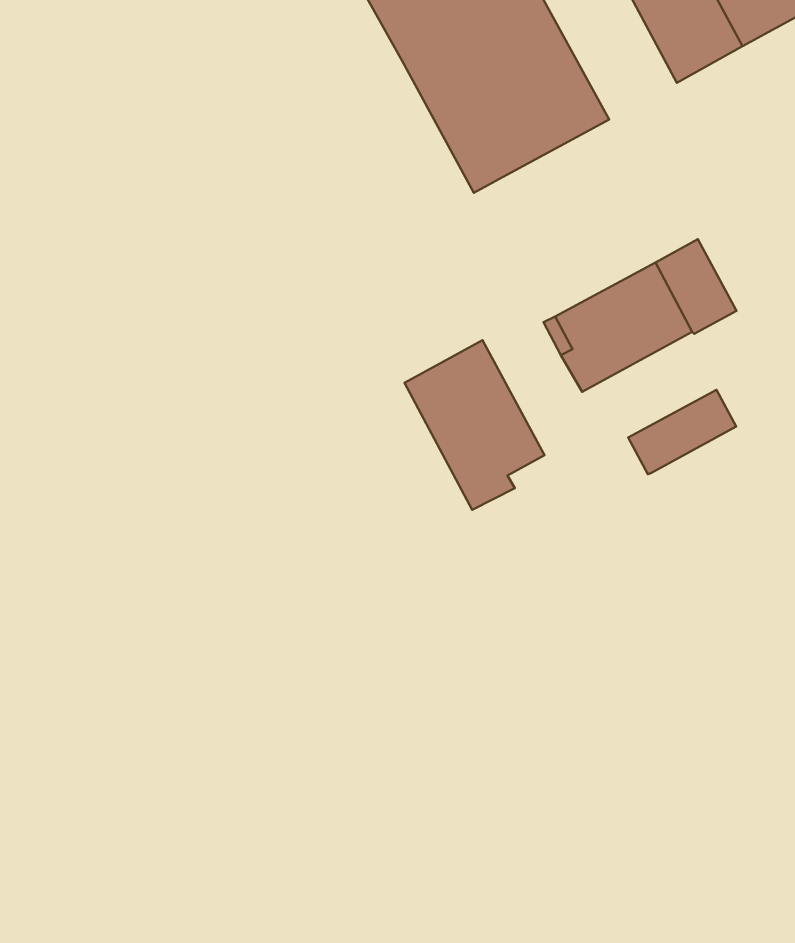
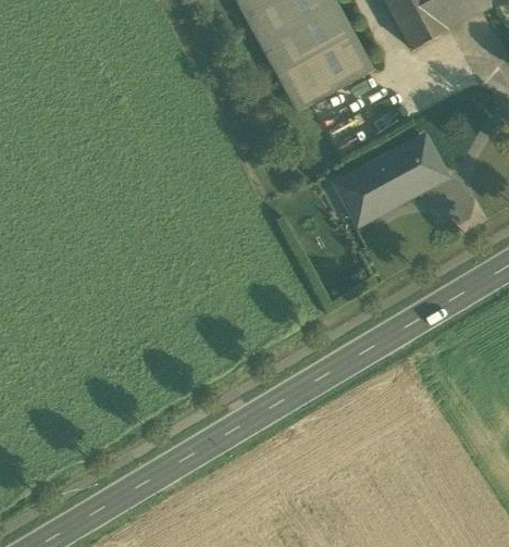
building: [404,340,544,510] -> none
building: [628,390,736,474] -> none

